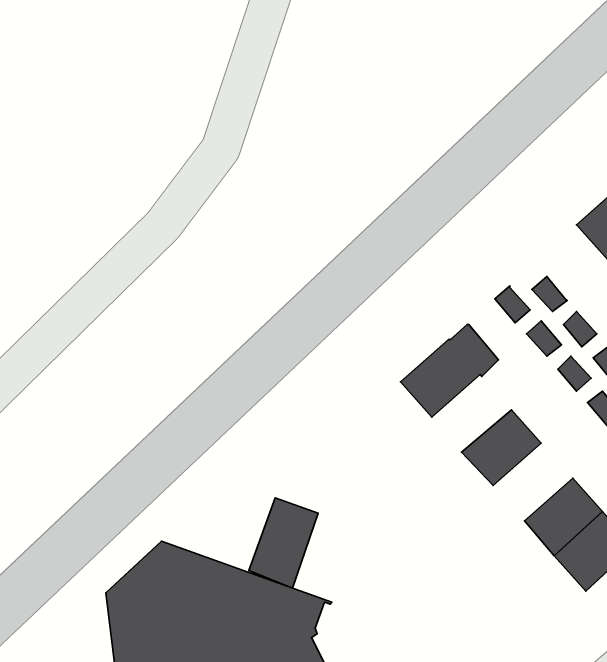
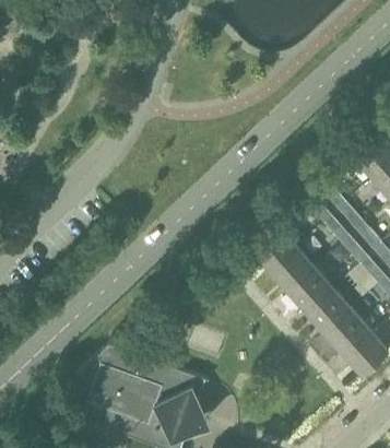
building: none -> [269,249,316,295]
building: none -> [305,290,352,335]
building: [249,498,318,588] -> none

